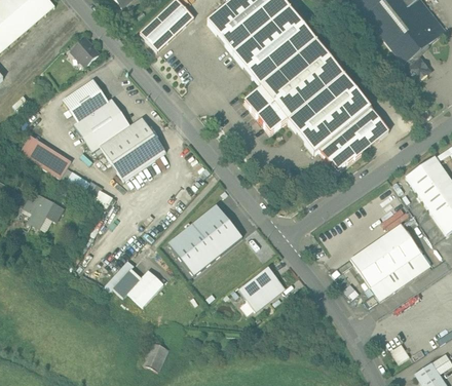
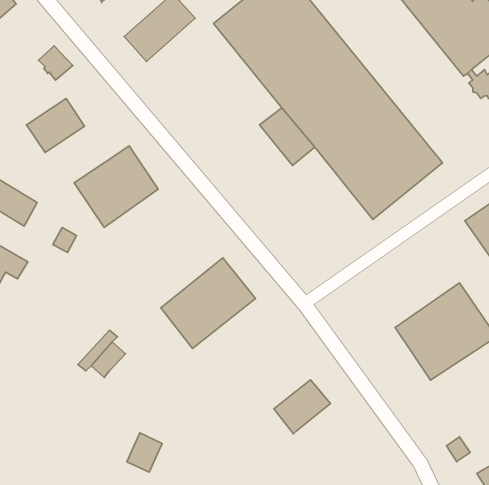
building: [74,99,130,151] -> none
building: [239,269,284,311] -> [274,380,330,434]
building: [127,270,163,307] -> none

